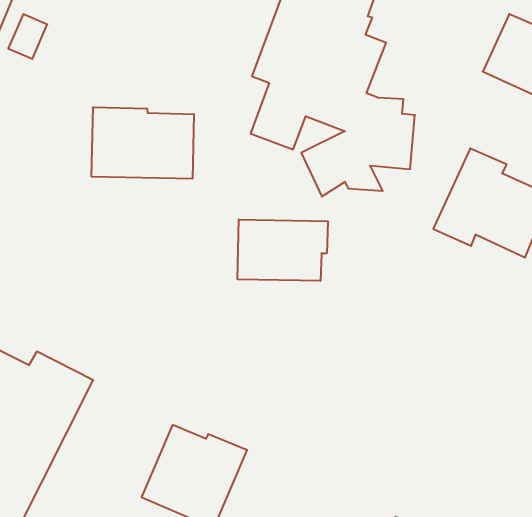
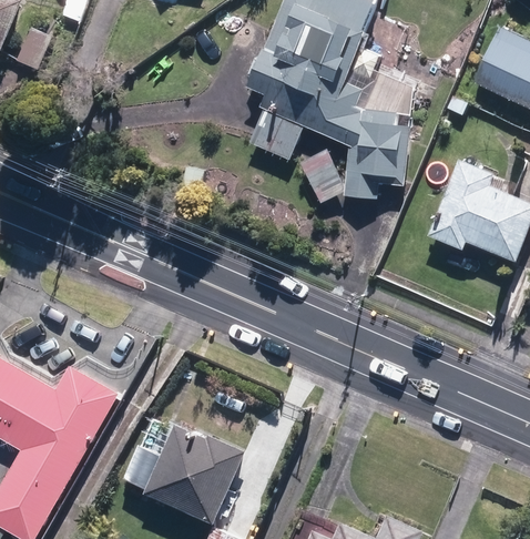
building: [92,107,194,179] -> none
building: [238,219,328,281] -> none

